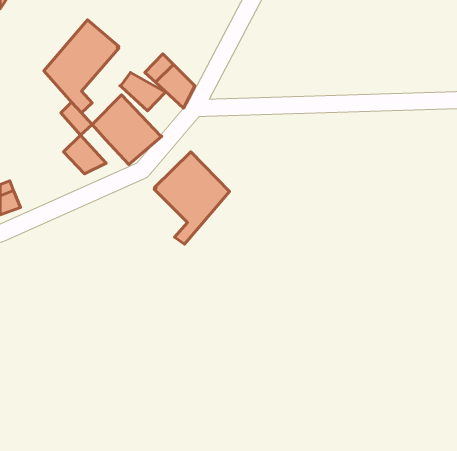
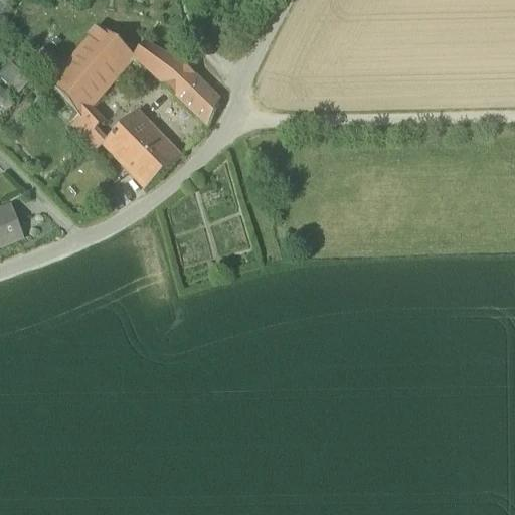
building: [120,72,165,111] -> [132,38,183,81]
building: [63,135,106,174] -> none
building: [154,152,230,244] -> none

